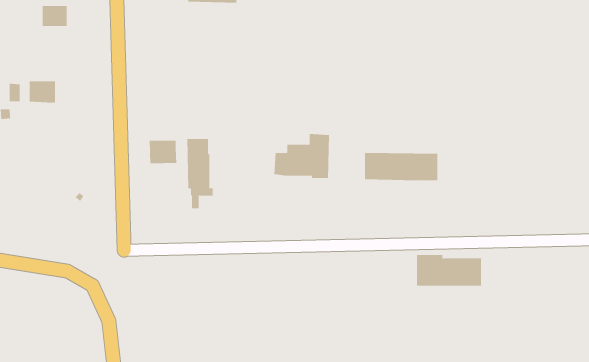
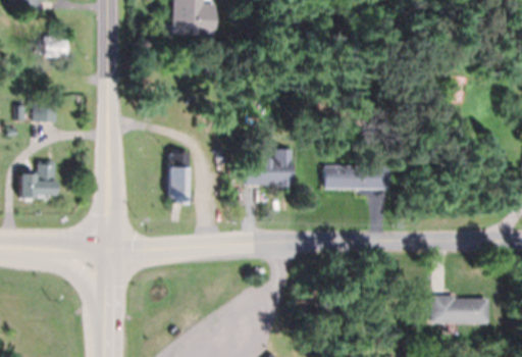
building: [149,140,177,164] -> none
building: none -> [20,160,57,202]
building: [416,254,482,286] -> [432,296,489,323]

